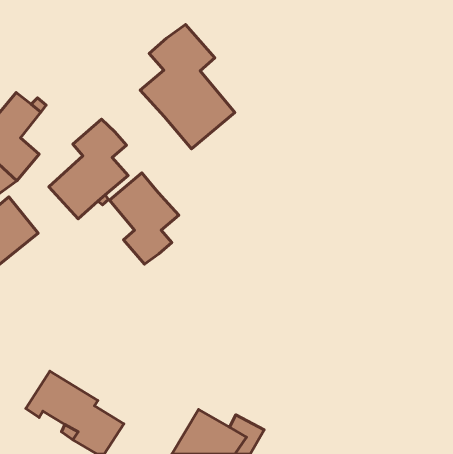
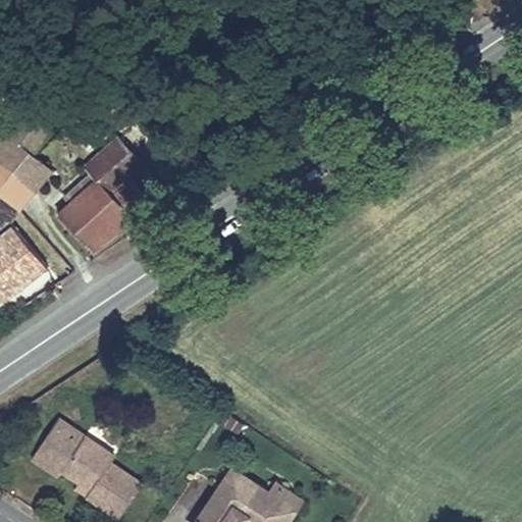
building: [140,24,235,149] -> none
building: [110,173,179,264] -> none

